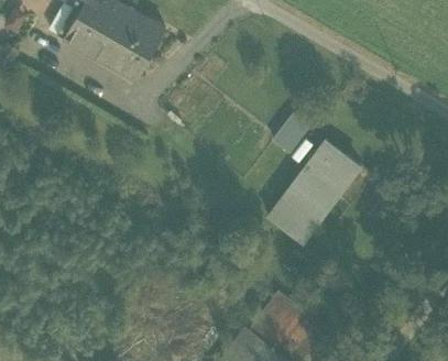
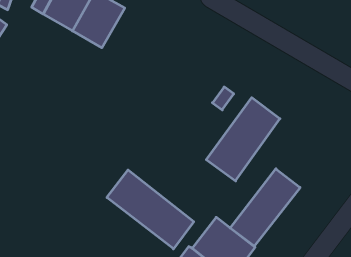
building: none -> [230,169,300,246]
building: none -> [107,170,194,249]

